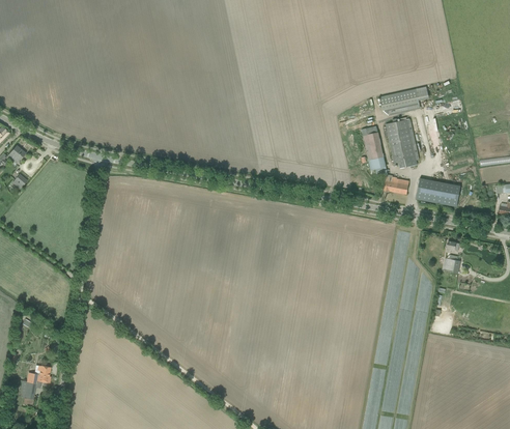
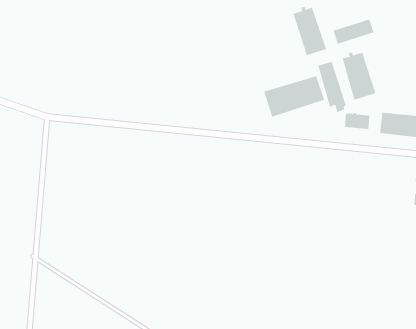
building: none -> [293,6,327,56]
building: none -> [263,75,325,117]

